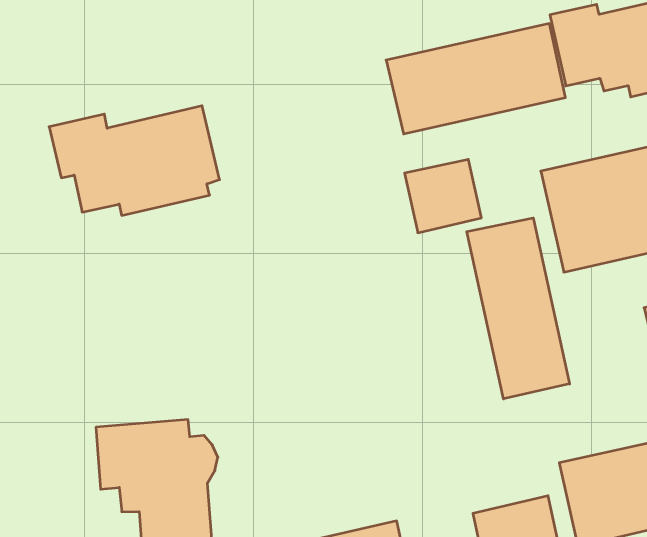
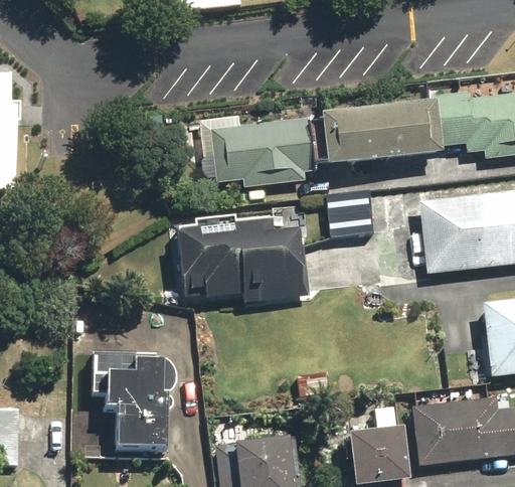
building: [49,106,220,215] -> [200,115,315,186]
building: [467,218,570,399] -> none
building: none -> [177,221,311,302]

